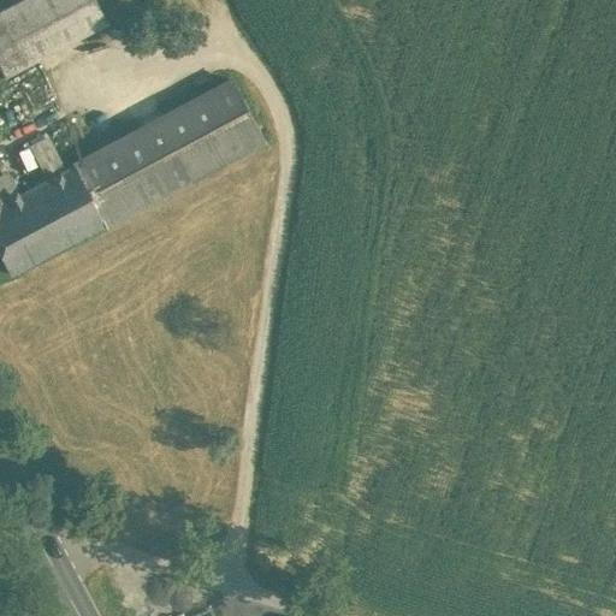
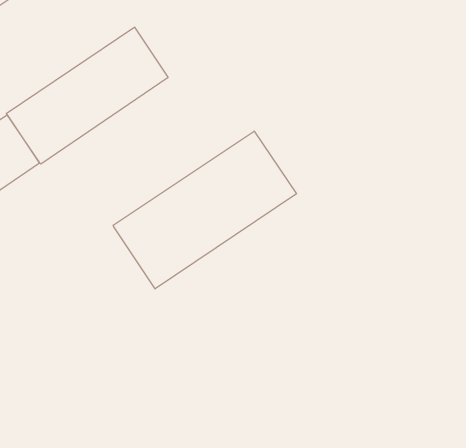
building: none -> [113,131,297,289]

